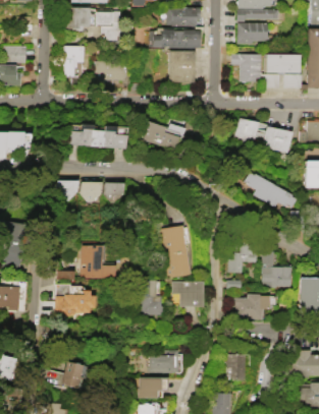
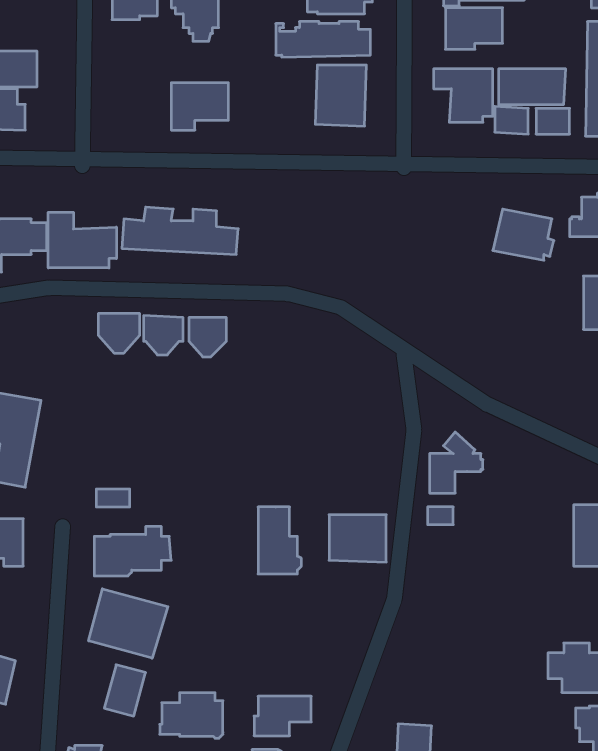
building: [63,46,84,76] -> none
building: [235,118,260,142] -> none
building: [142,121,180,150] -> none
building: none -> [48,212,116,268]
building: [246,172,298,208] -> none
building: [166,226,197,280] -> none
building: [82,245,115,278] -> none
building: [263,251,293,286] -> none
building: [232,294,270,319] -> none
building: none -> [89,589,168,658]
building: [150,350,182,373] -> [160,693,223,738]
building: [227,354,246,380] -> none

